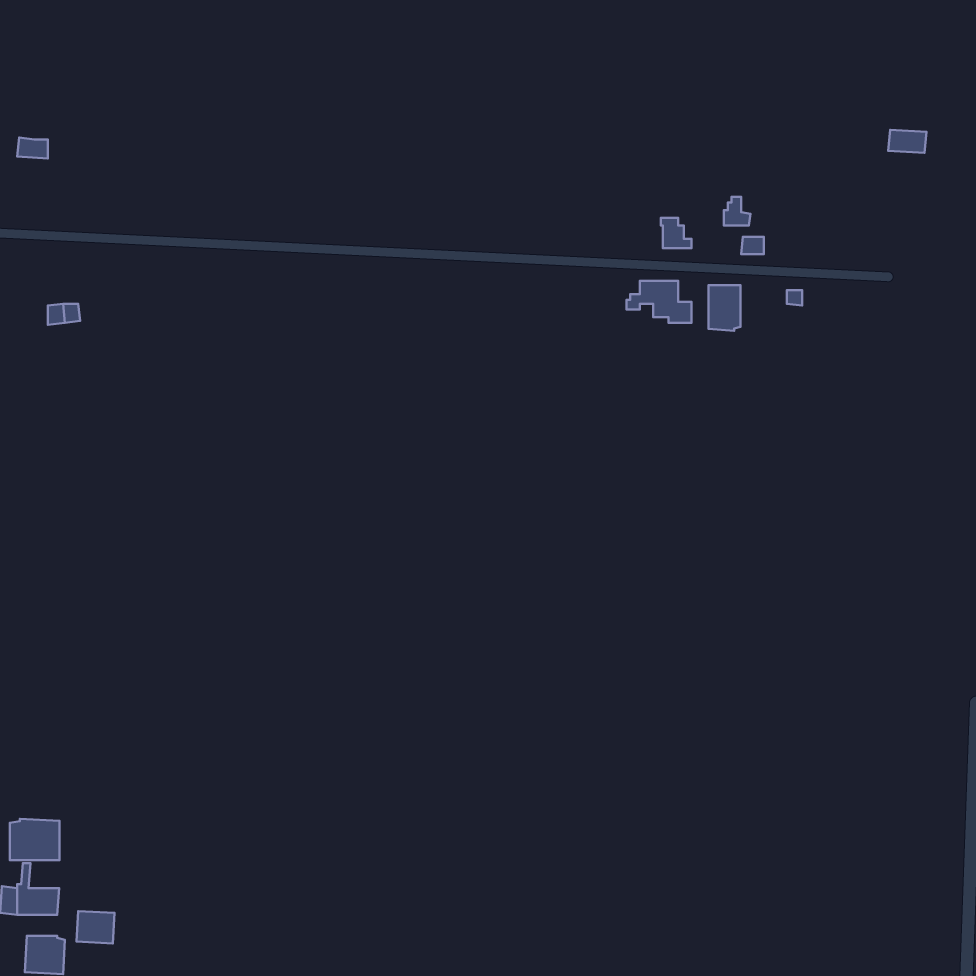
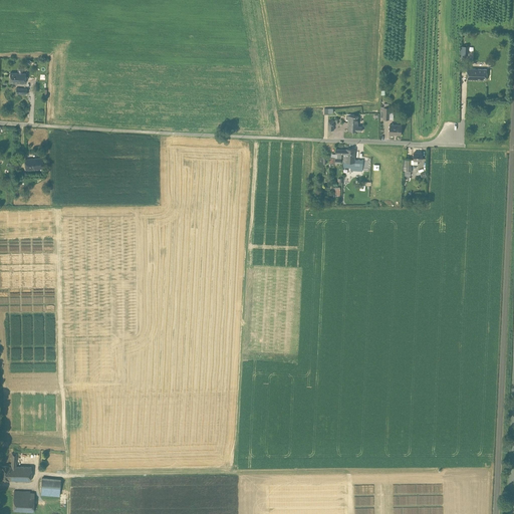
building: [709,285,741,331] -> none
building: [10,819,60,860] -> none

